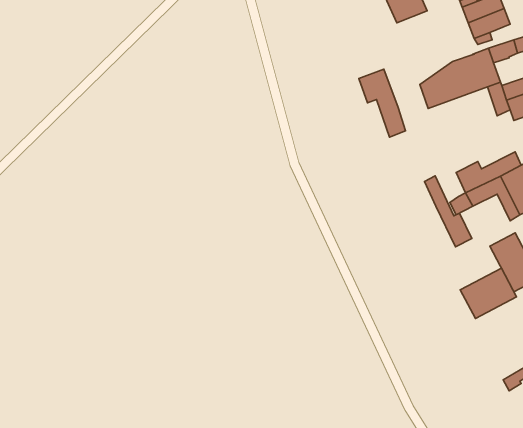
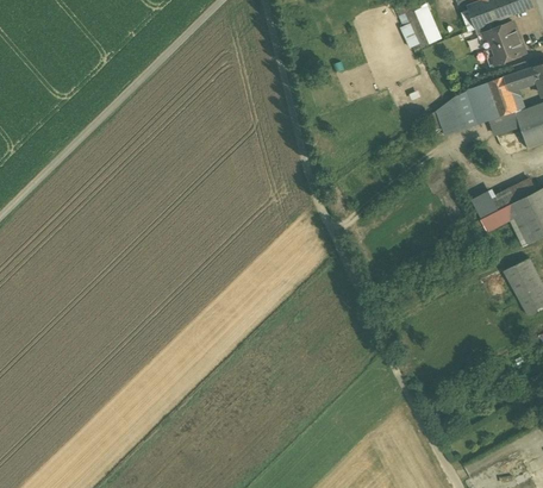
building: [359,69,406,137] -> none
building: [425,176,472,247] -> none
building: [460,268,516,318] -> none

